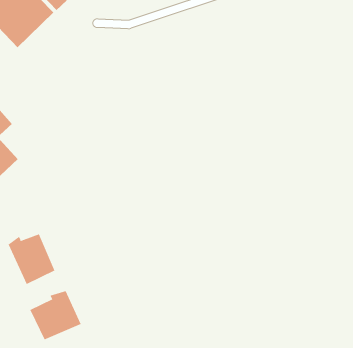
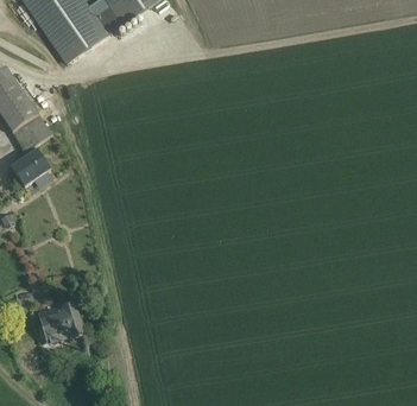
building: [8,233,55,285] -> none

